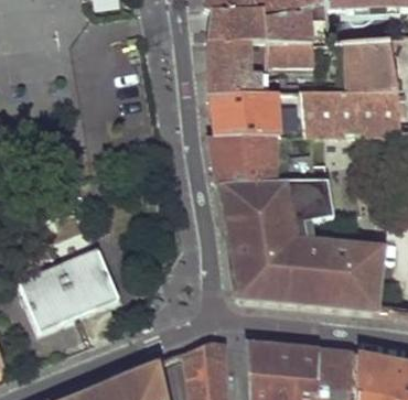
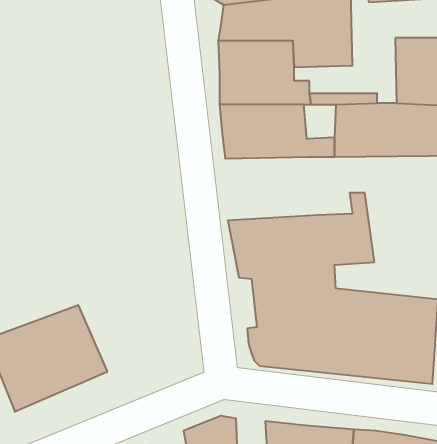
building: [208,131,288,182] -> none

